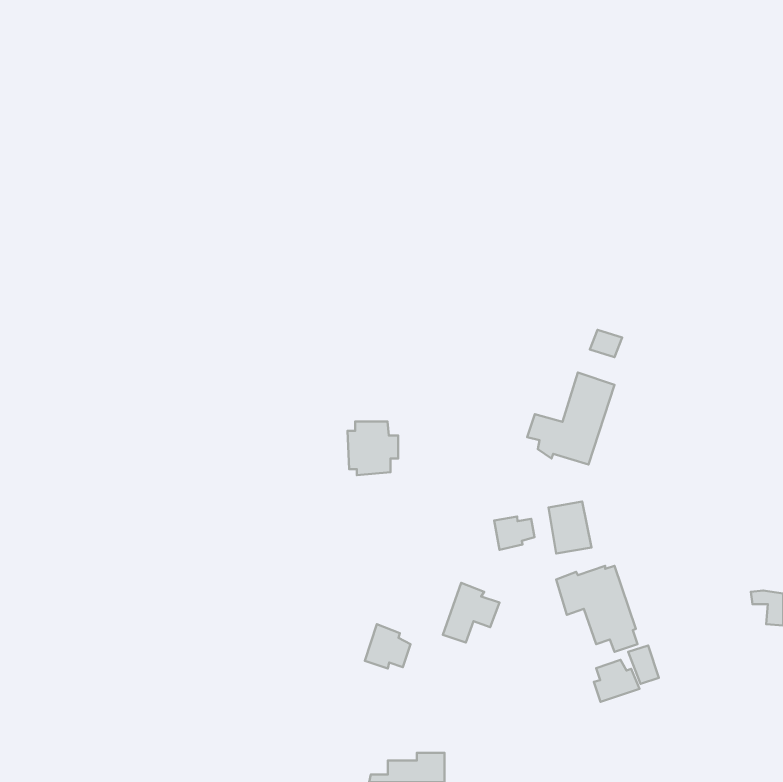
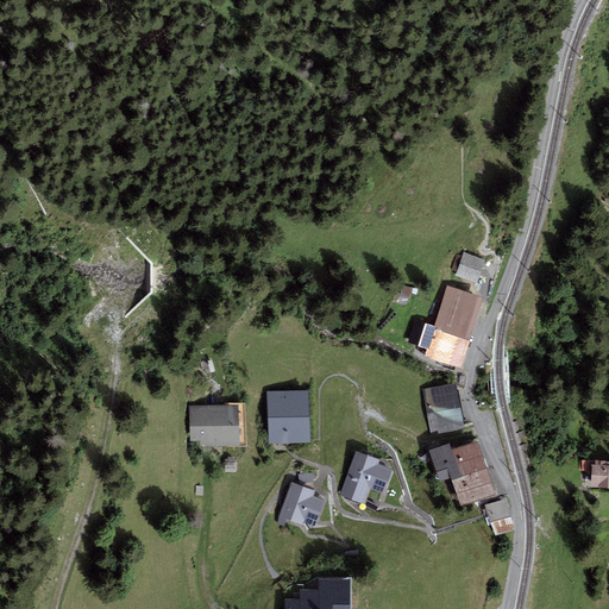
building: [348,422,398,475] -> [265,395,304,437]
building: [494,516,534,550] -> none
building: none -> [194,407,234,440]
building: [594,660,640,702] -> none

